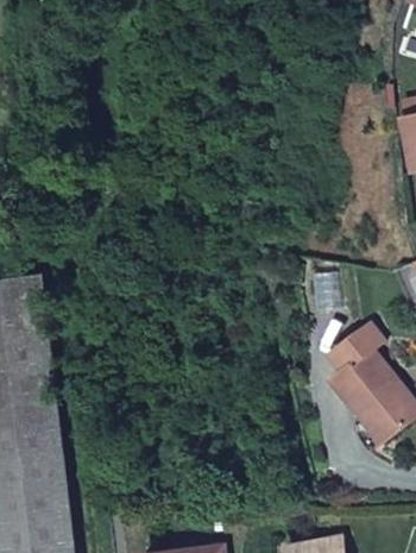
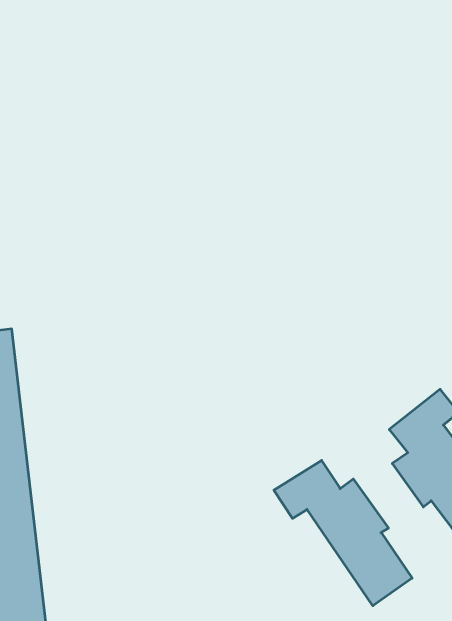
building: none -> [274,460,412,606]

